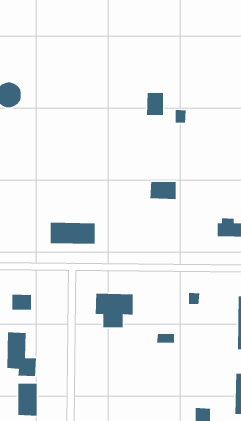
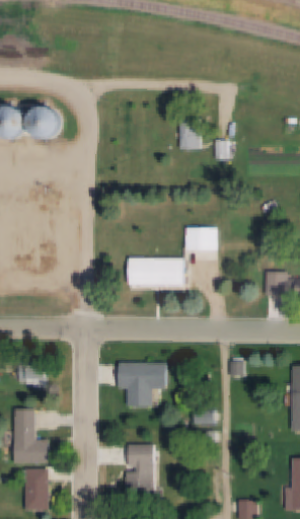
building: none -> [32,107,64,139]
building: [50,222,95,245] -> [128,257,182,285]
building: none -> [126,445,156,495]

